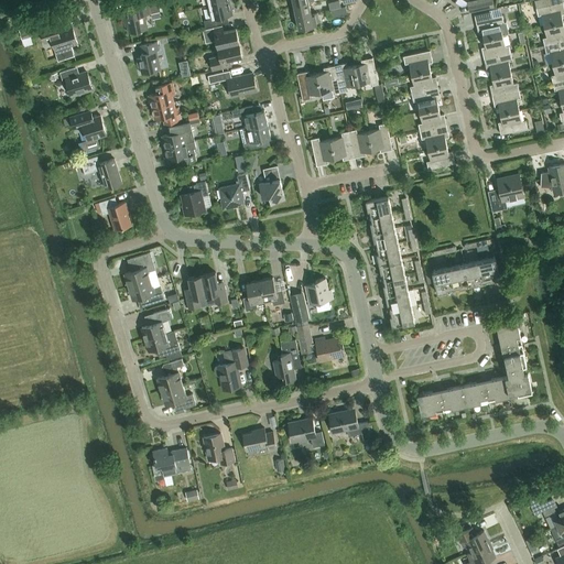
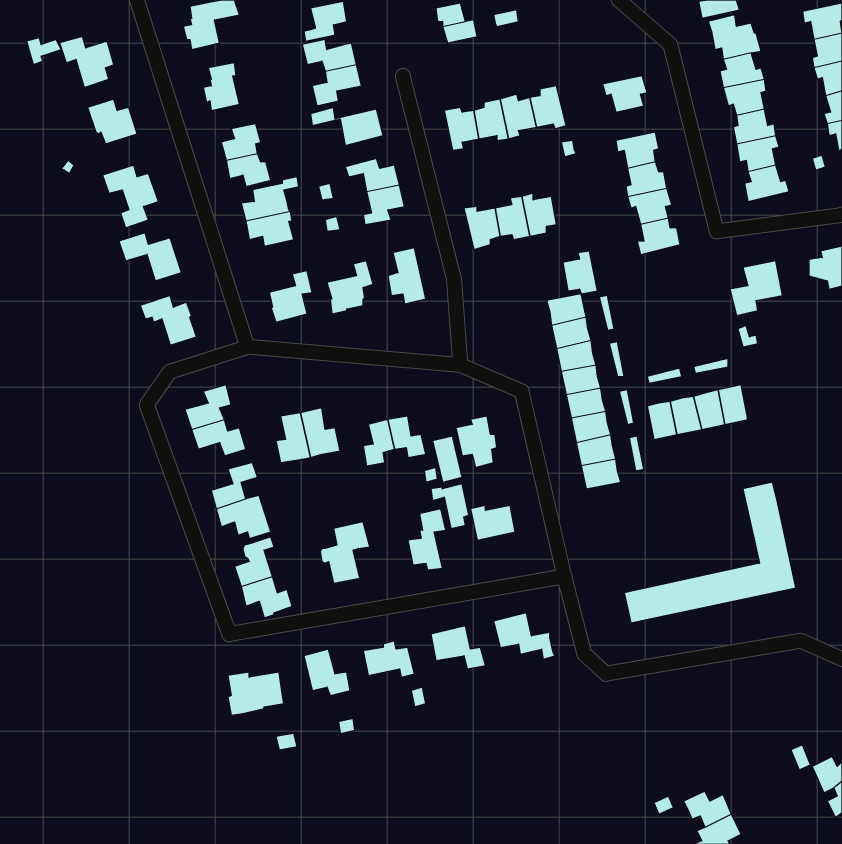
building: [409,70,437,94] -> none
building: [368,123,391,152] -> [563,251,598,294]

